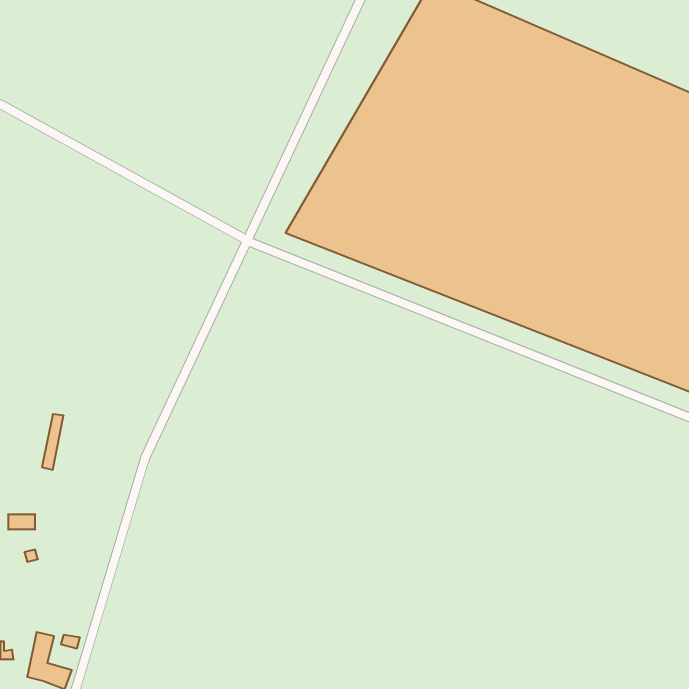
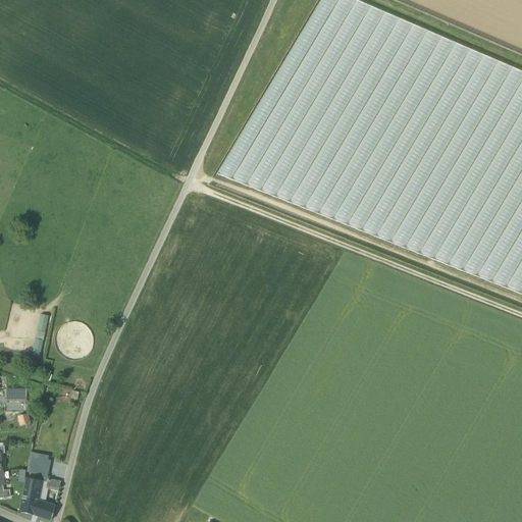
building: none -> [29,451,52,475]

